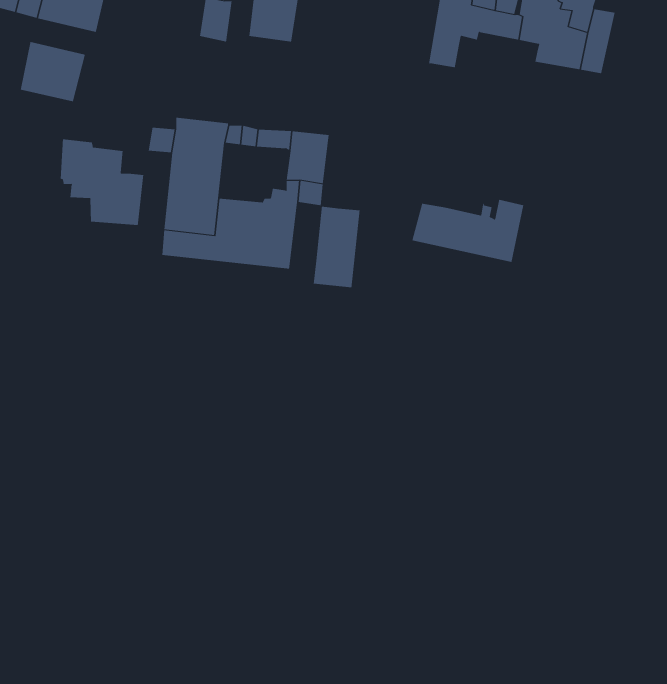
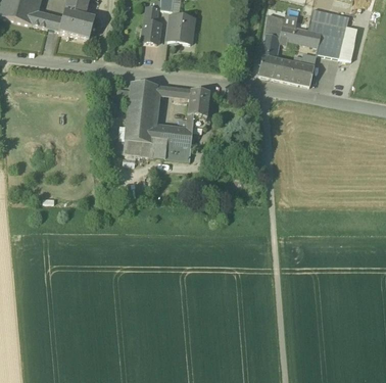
building: [20,41,85,102] -> none
building: [60,138,144,226] -> none
building: [412,199,524,262] -> [258,53,317,86]
building: [313,206,360,288] -> none

